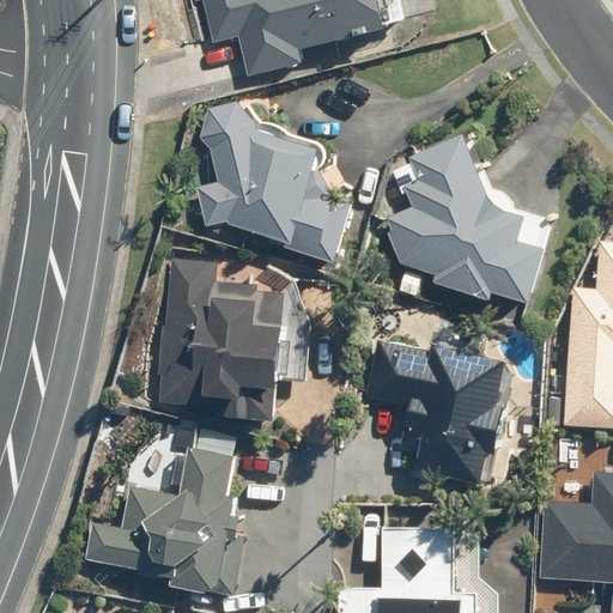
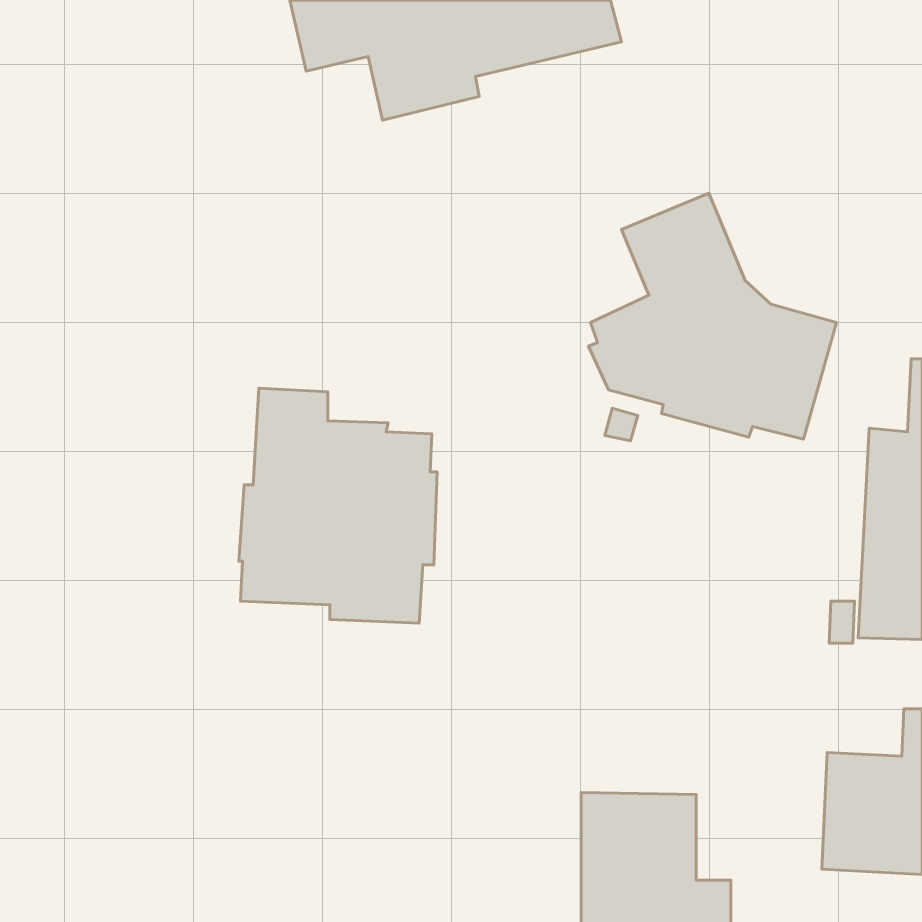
building: [196,99,353,259] -> none
building: [366,341,505,479] -> none
building: [85,447,235,588] -> none

